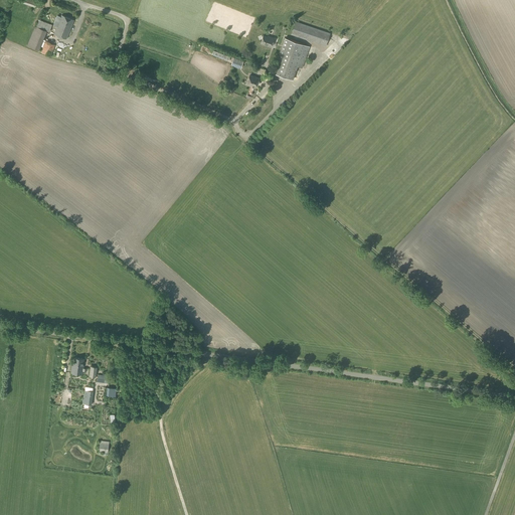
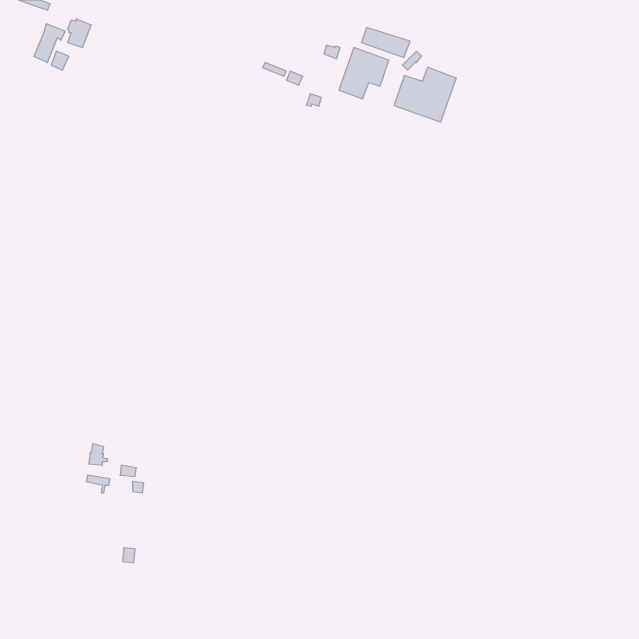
building: none -> [394,67,456,122]

